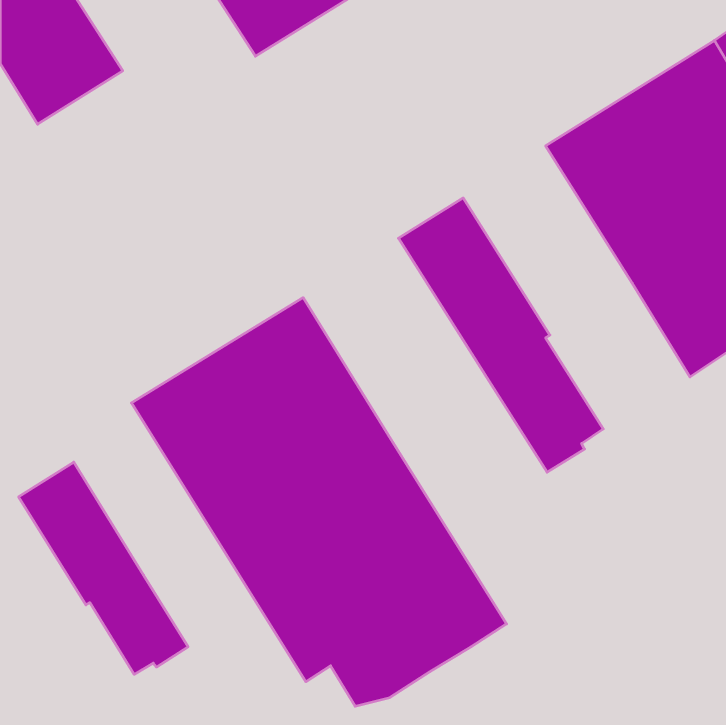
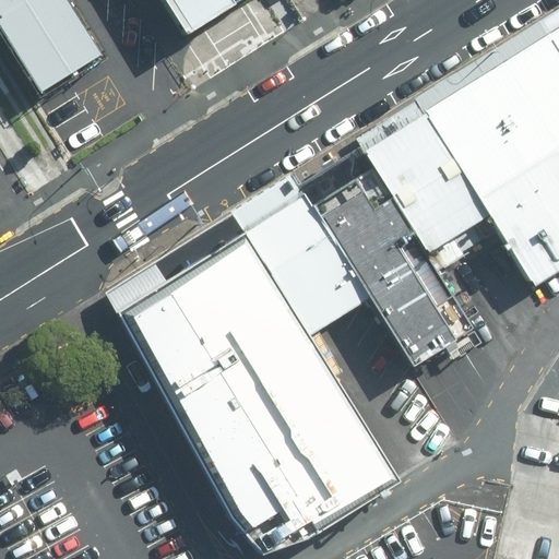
building: none -> [359,110,487,253]
building: none -> [238,180,379,334]
building: [19,462,188,674] -> none

